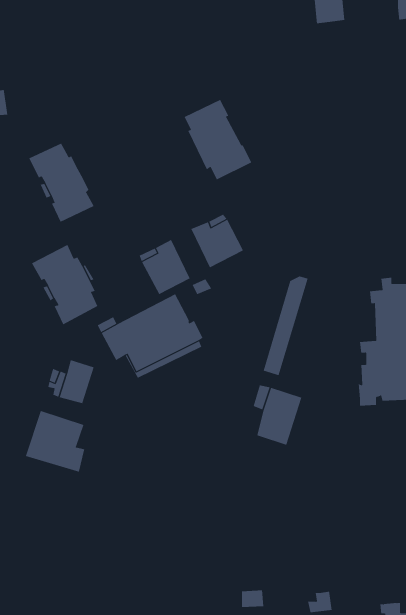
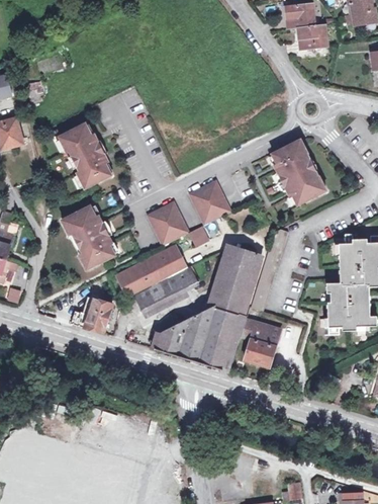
building: none -> [298,24,324,50]
building: [184,99,252,180] -> [271,139,325,203]
building: none -> [150,249,253,368]
building: [25,410,85,473] -> none

